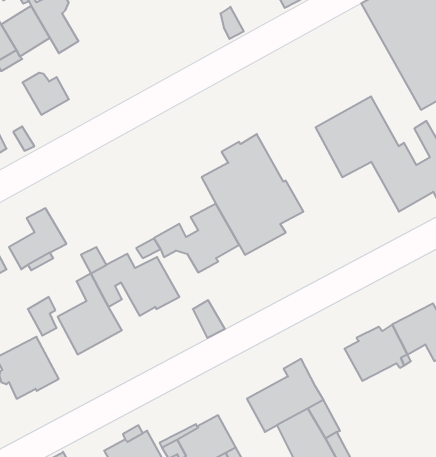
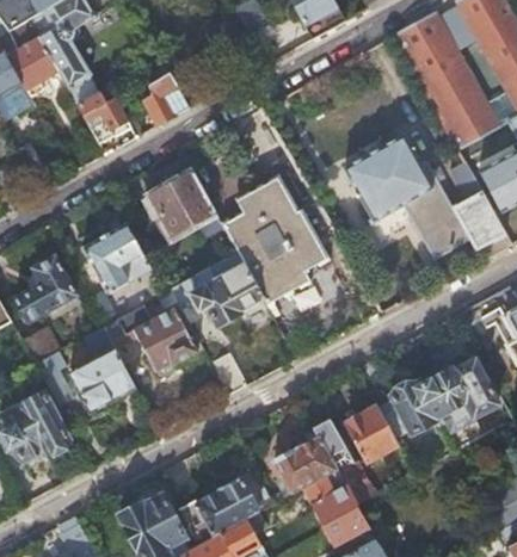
building: none -> [146,73,187,125]
building: [22,73,69,115] -> [78,93,128,138]
building: none -> [153,172,220,234]
building: none -> [84,224,152,292]
building: none -> [344,407,396,462]

